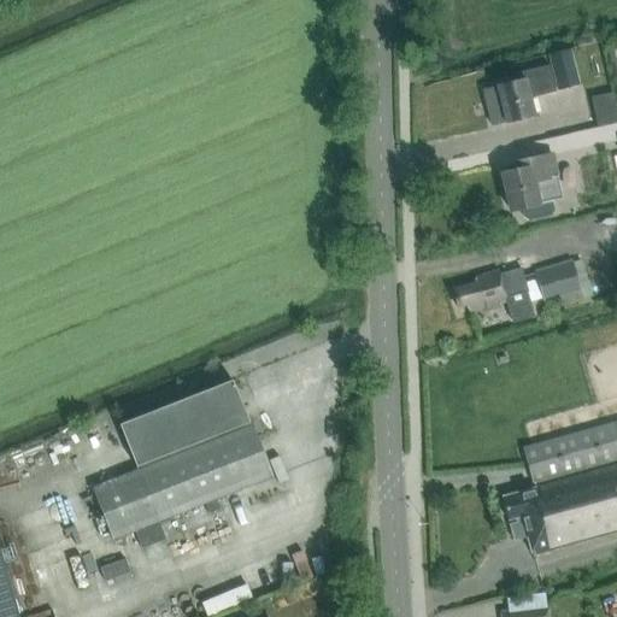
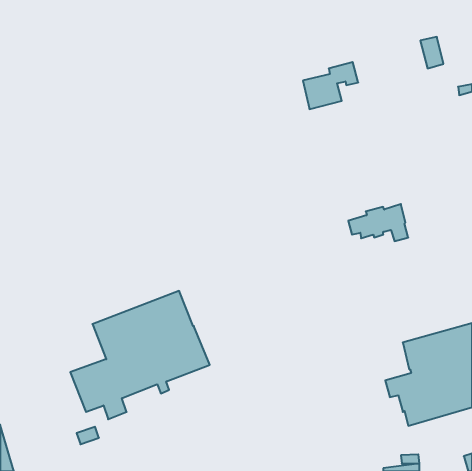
building: [483,64,556,125] -> [303,62,358,109]
building: [501,153,563,218] -> none
building: [537,260,581,300] -> none

